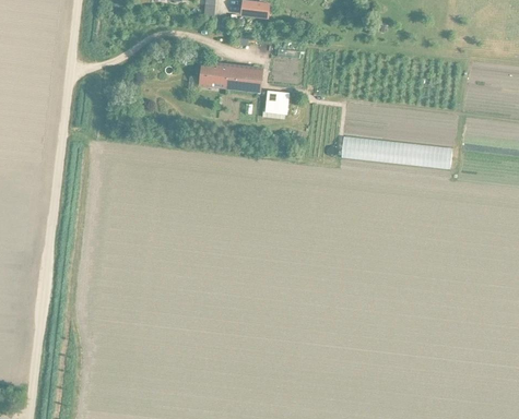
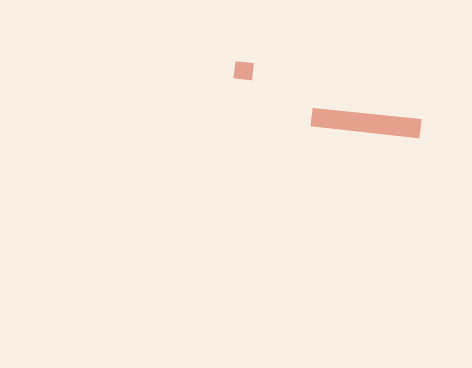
building: [204,62,261,92] -> none

